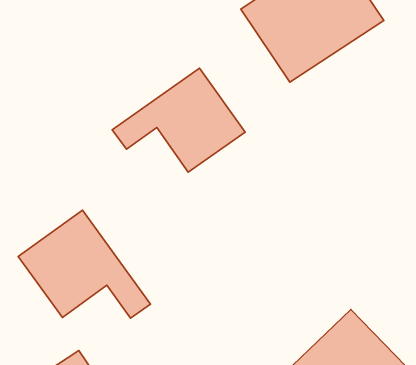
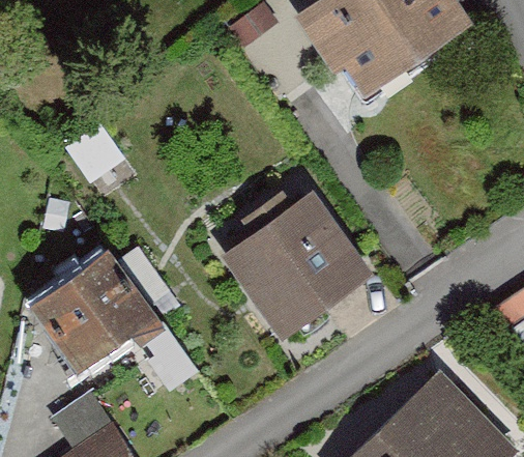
building: [112,68,245,172] -> none
building: none -> [226,195,369,337]

